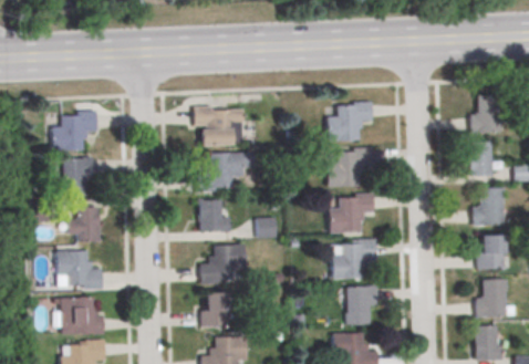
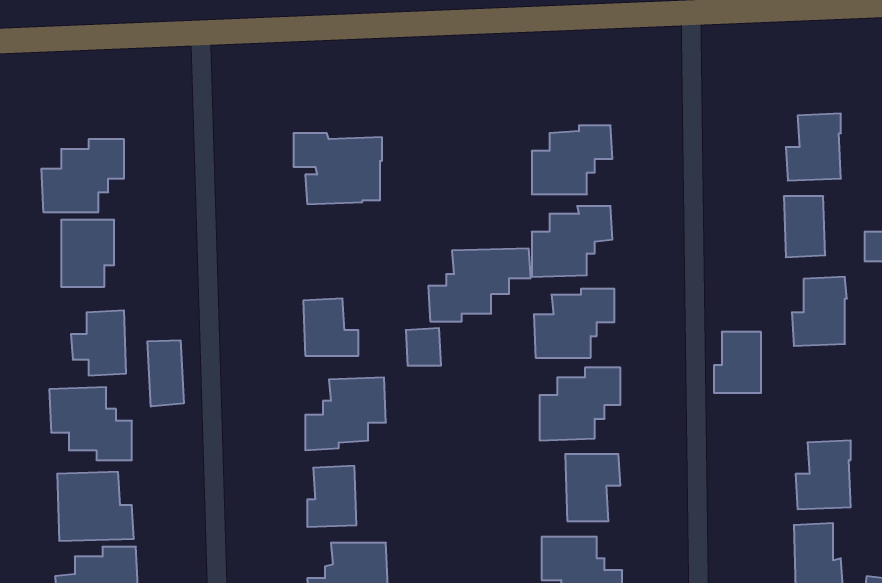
building: [197,150,255,191] -> [428,249,531,321]
building: none -> [148,340,184,407]
building: [477,235,504,269] -> [714,332,761,393]

